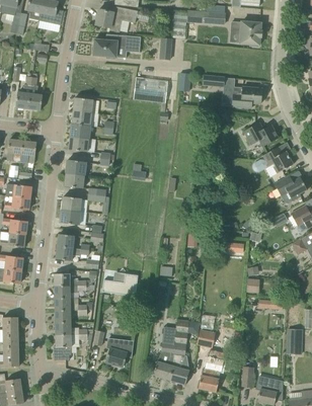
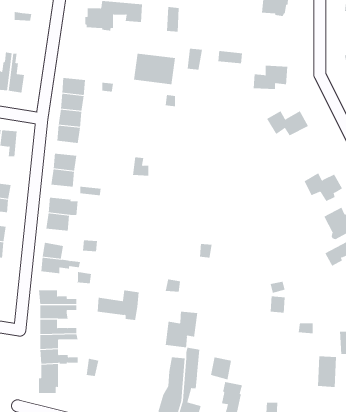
building: [252,147,293,173] -> none
building: none -> [165,311,198,348]
building: [106,337,134,367] -> none

